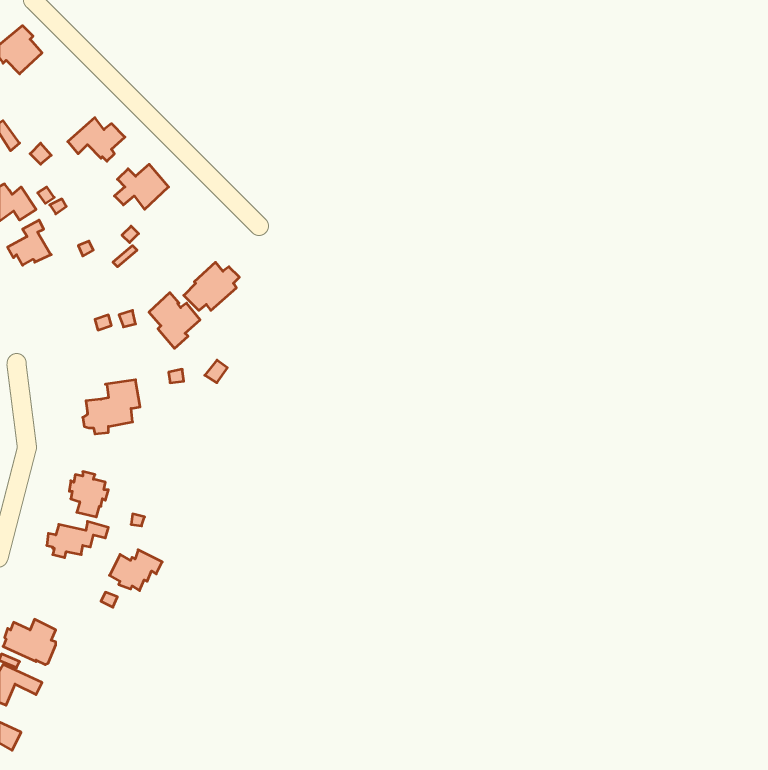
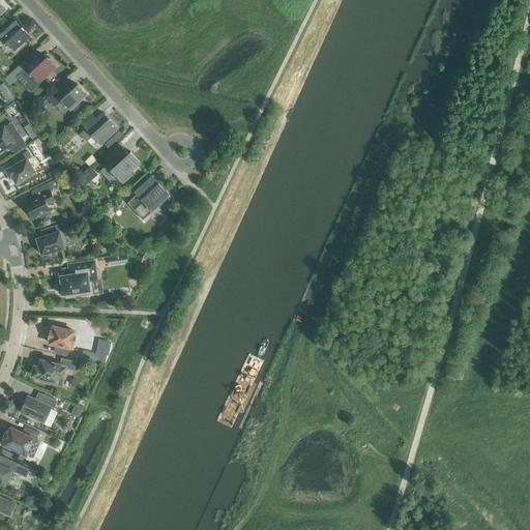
building: none -> [16,57,55,85]
building: none -> [24,179,58,218]
building: [149,293,200,348] -> [104,144,139,182]
building: none -> [35,223,64,255]
building: [109,550,162,591] -> [20,393,56,421]

